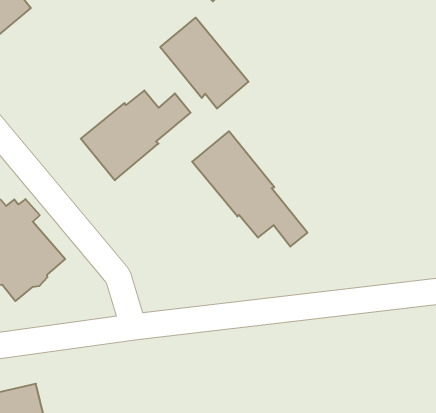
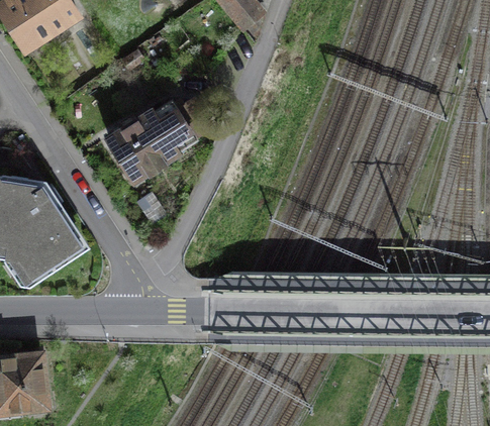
building: [160,18,248,109] -> none
building: [192,131,307,247] -> none

